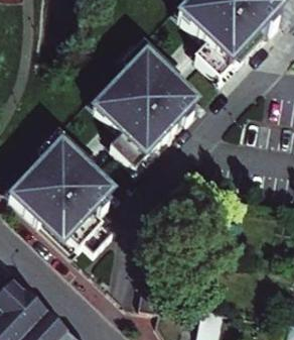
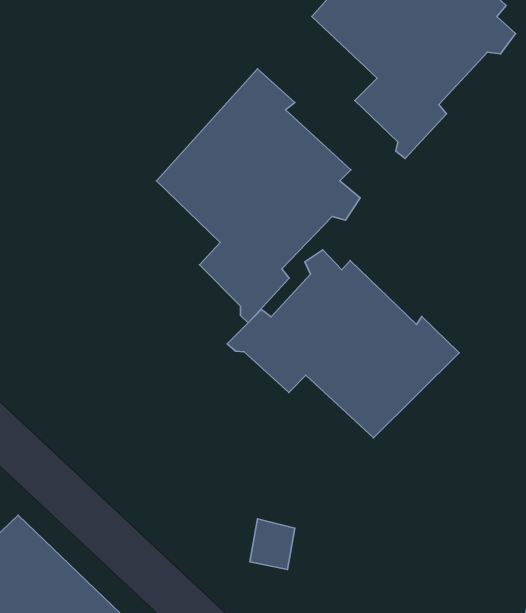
building: [12,131,121,251] -> none
building: none -> [227,250,459,438]

